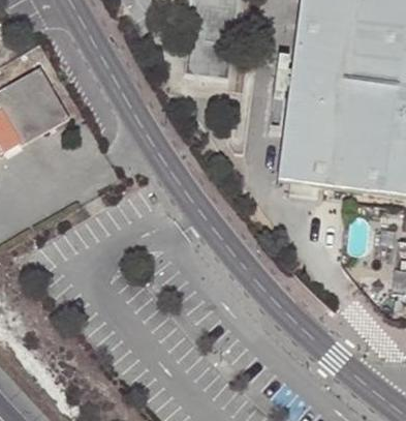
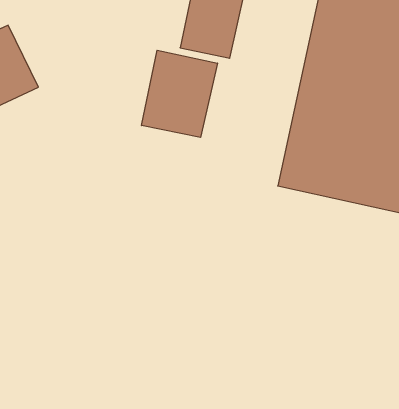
building: none -> [142,50,217,137]

